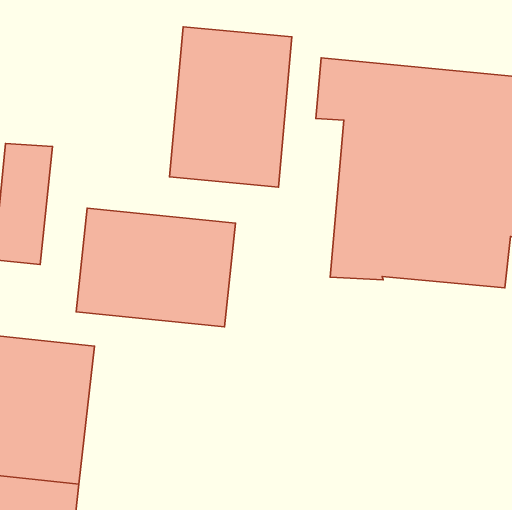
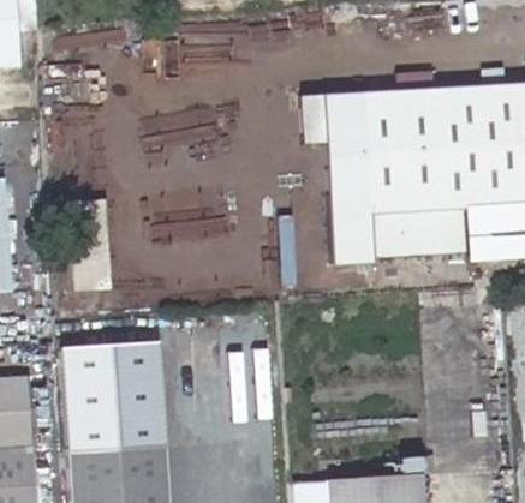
building: [170,27,292,187] -> none
building: [76,208,235,327] -> none

